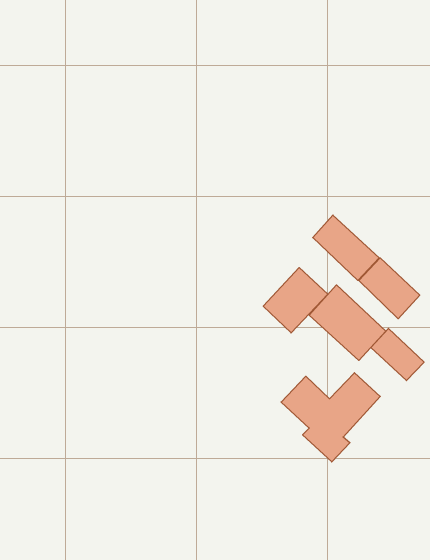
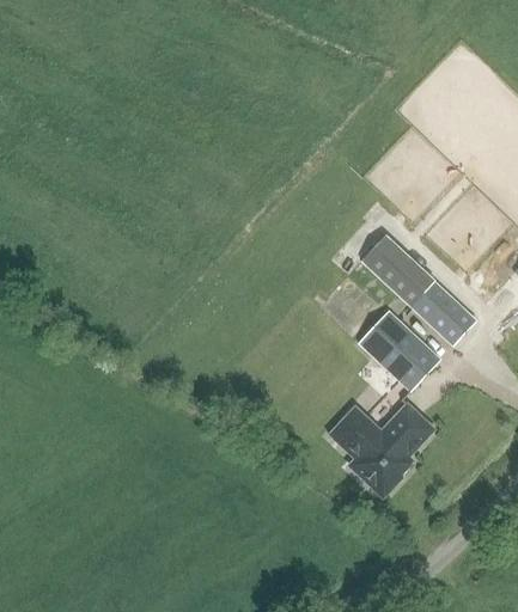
building: [263,268,328,333] -> none
building: [371,328,424,381] -> none

